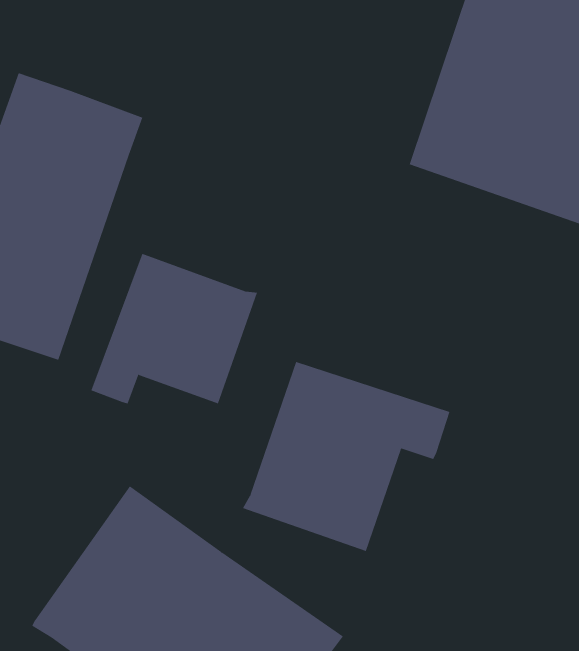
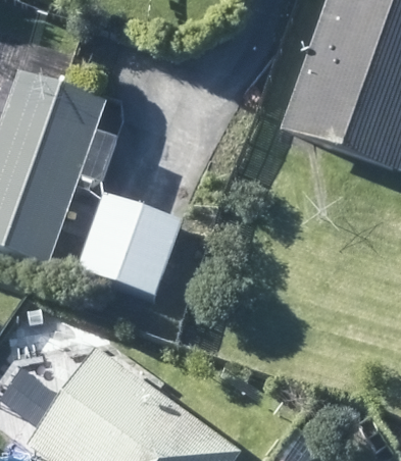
building: [242,361,450,552] -> none

